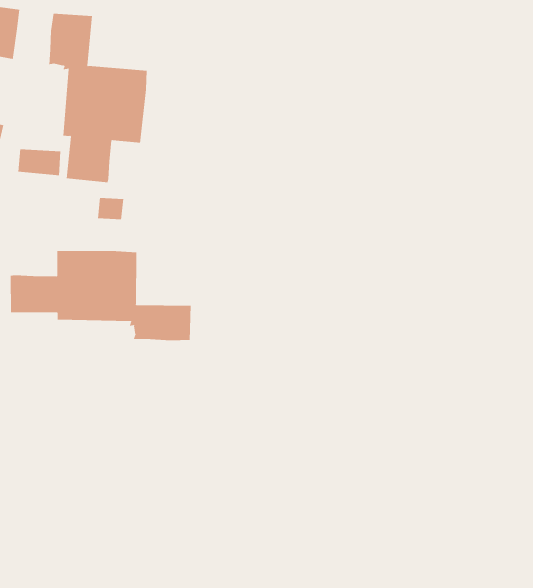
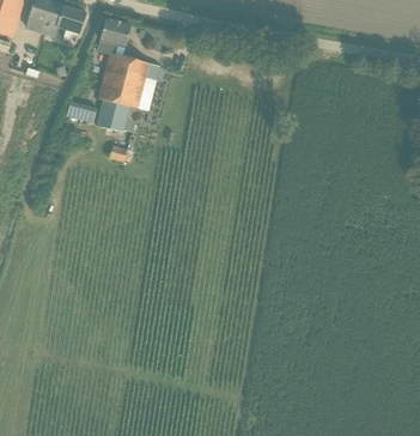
building: [10,250,191,341] -> none

